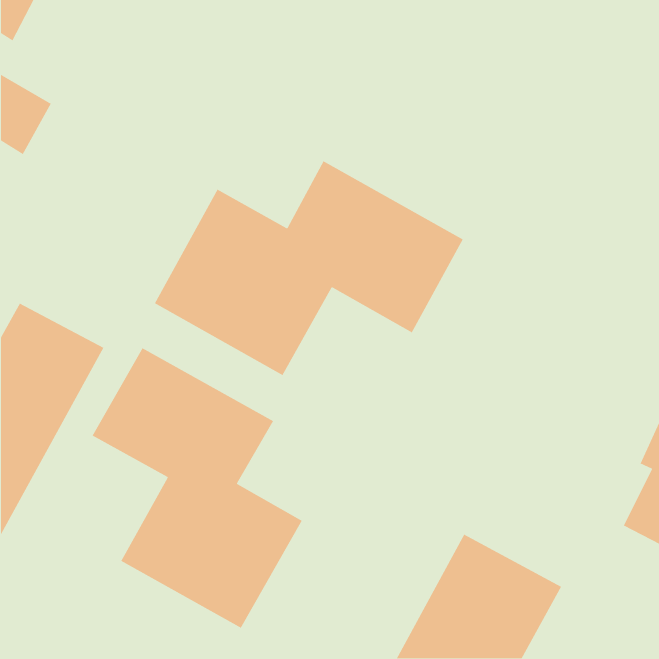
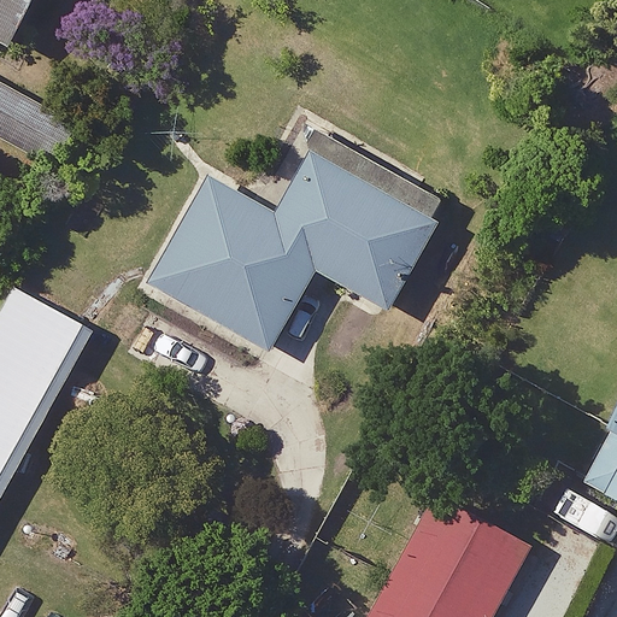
building: [91,347,303,629] -> none

